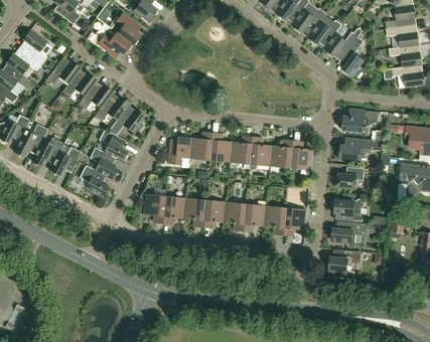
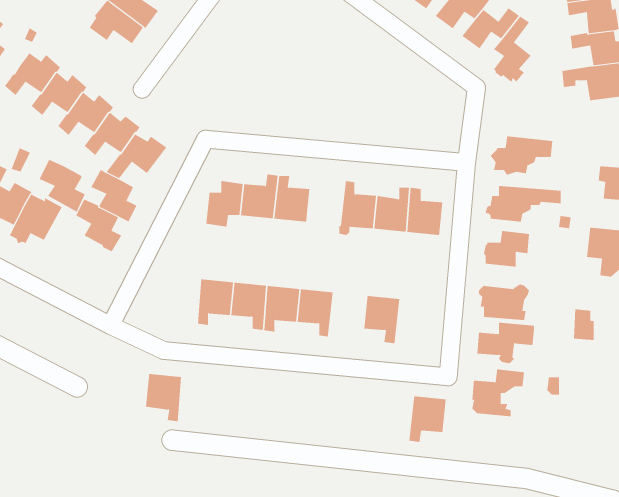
building: [230,136,253,168] -> none
building: [80,165,108,197] -> [39,159,86,213]
building: [143,193,165,222] -> [145,374,182,422]
building: [243,203,266,231] -> none
building: [283,207,306,235] -> [408,396,447,443]

